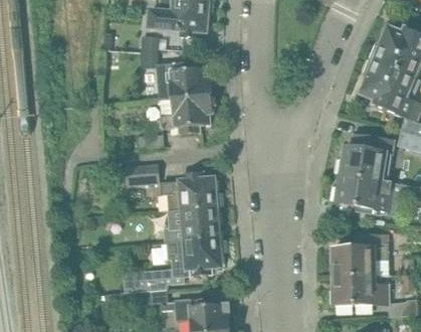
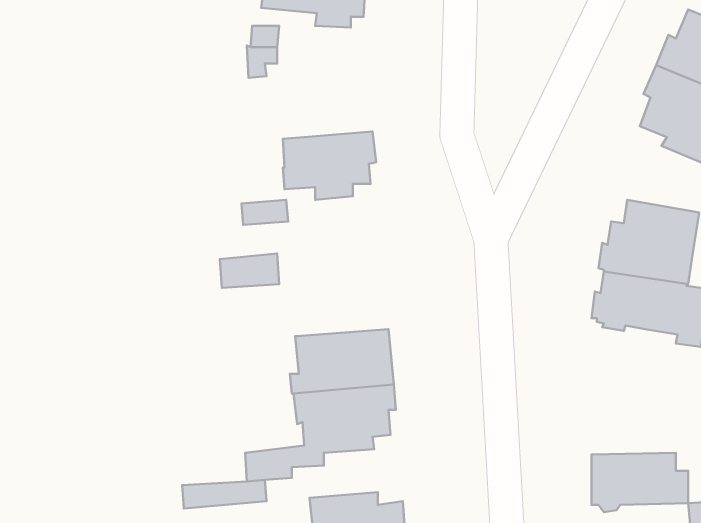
building: [157,62,211,101] -> none
building: [162,173,220,211] -> none
building: [333,235,381,278] -> none

